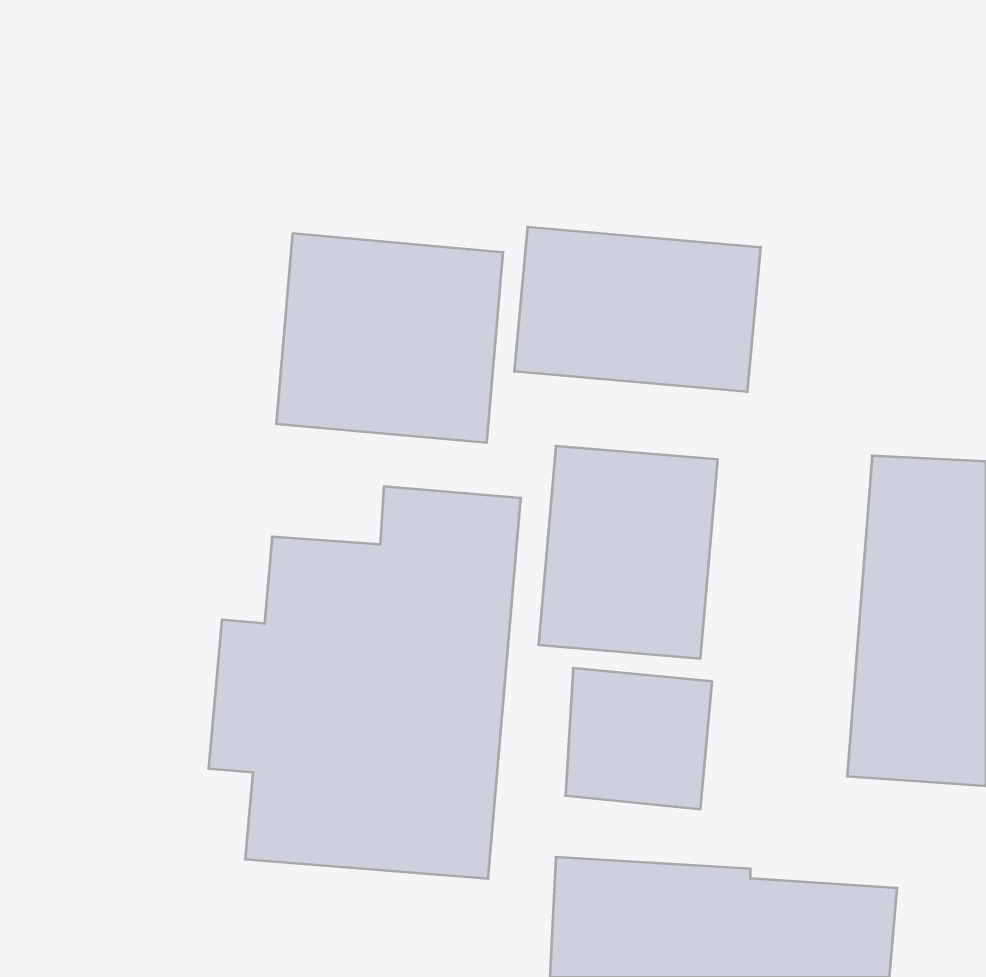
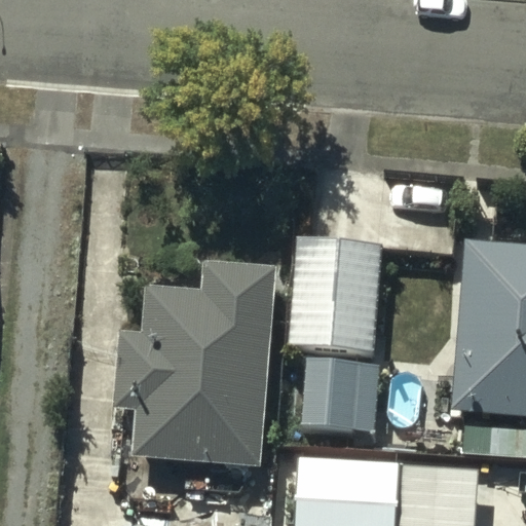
building: [514,227,761,392] -> none
building: [276,233,503,443] -> none

